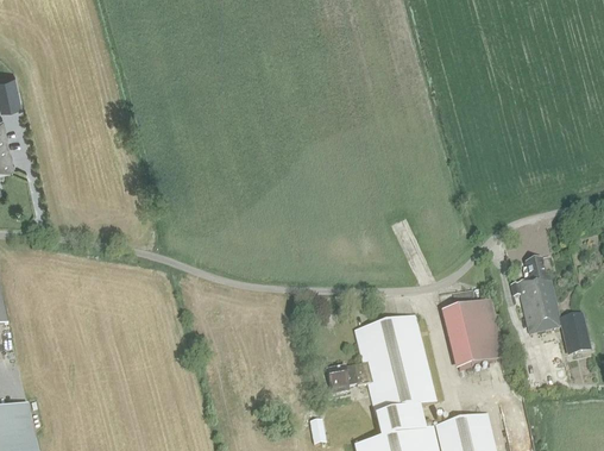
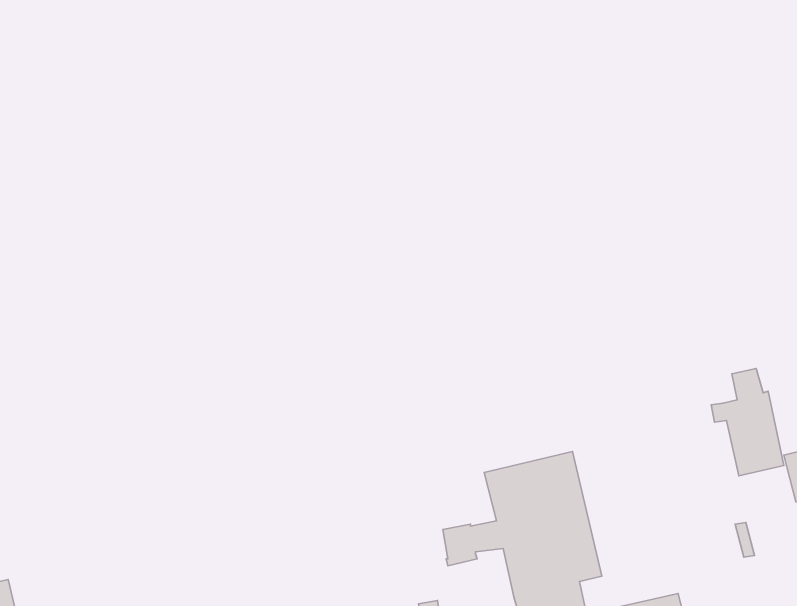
building: [440,296,504,367] -> none

